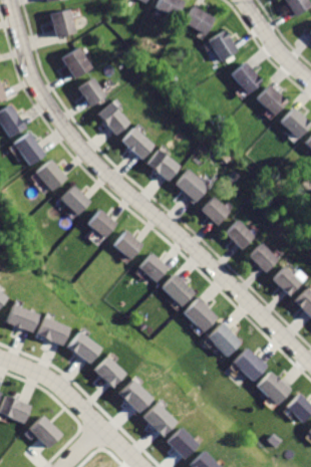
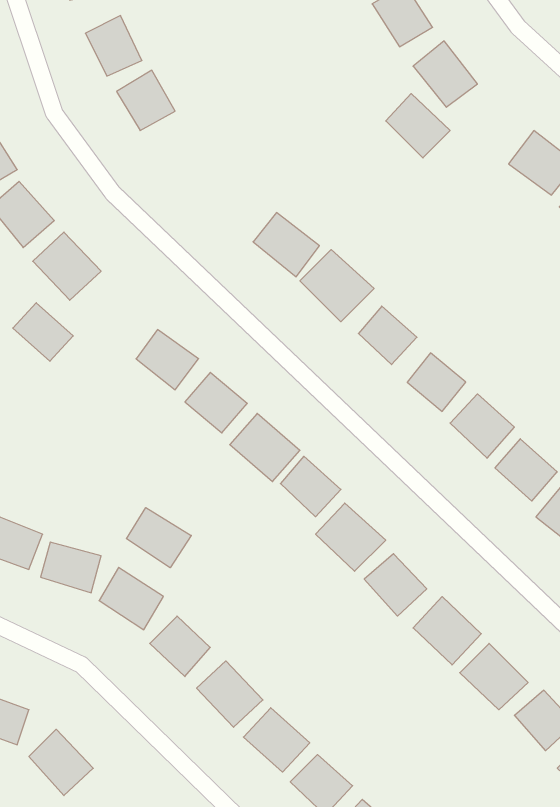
building: [254,82,287,115] -> [386,94,450,158]
building: [98,100,131,135] -> none
building: [122,126,156,159] -> none
building: [60,184,91,214] -> [13,303,73,361]
building: none -> [126,508,191,568]

